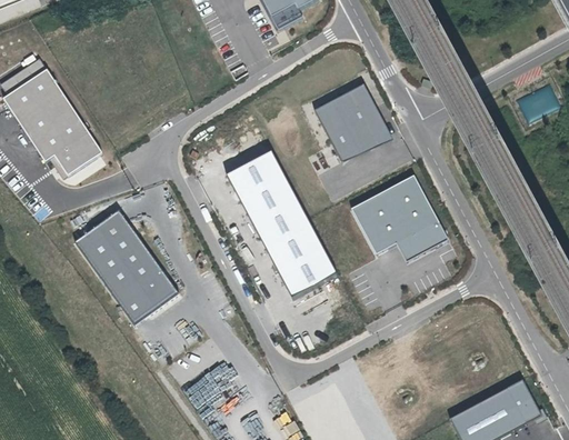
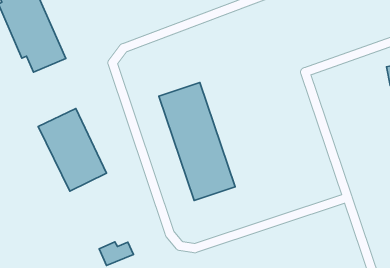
building: [317,84,391,162] -> none
building: [353,176,449,264] -> none

